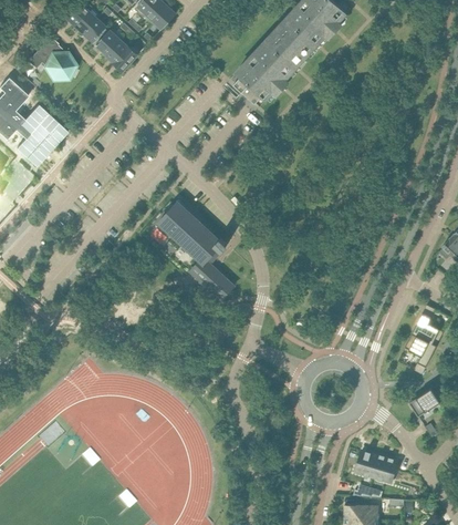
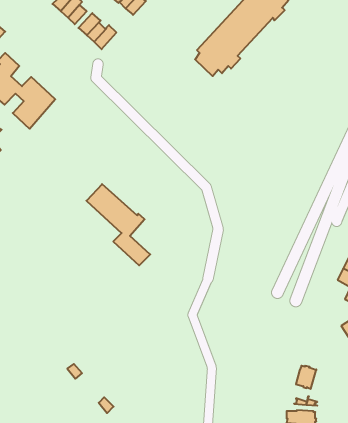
building: [28,35,75,79] -> none
building: [158,202,235,299] -> [86,184,150,265]
building: [373,454,397,482] -> none

